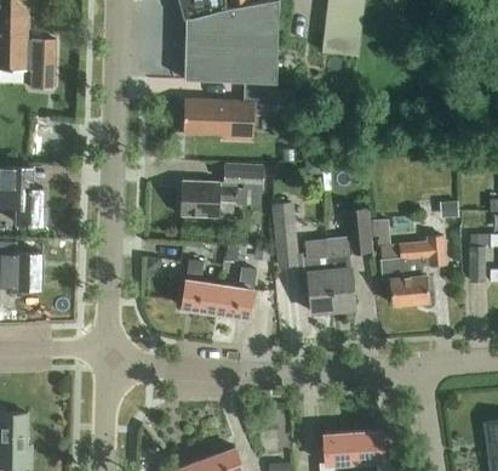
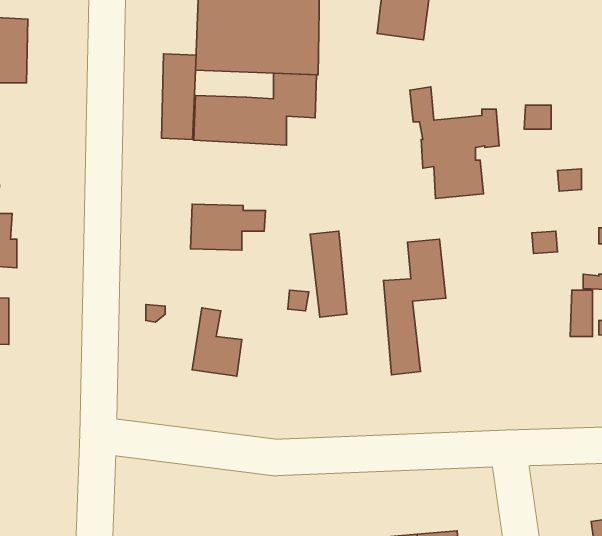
building: none -> [162,54,196,140]
building: [219,163,263,191] -> none
building: [372,220,440,305] -> [410,87,499,198]
building: [304,239,332,312] -> none
building: [214,267,254,317] -> none

